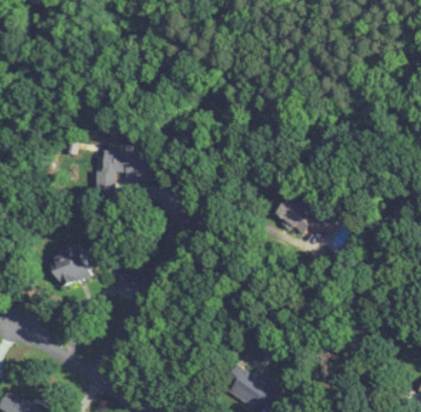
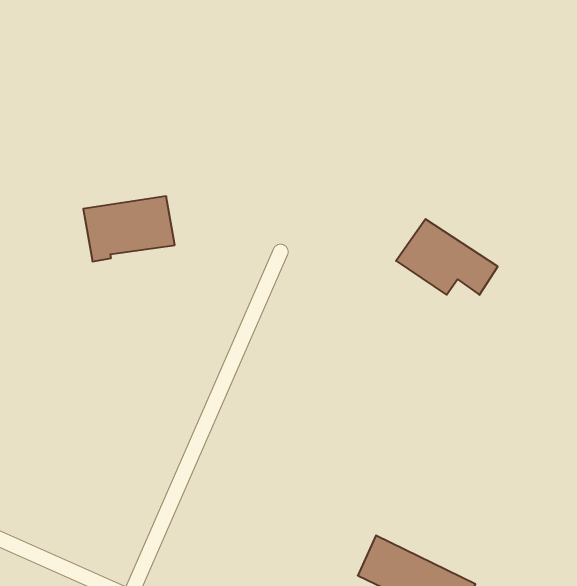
building: [49,247,89,286] -> none

